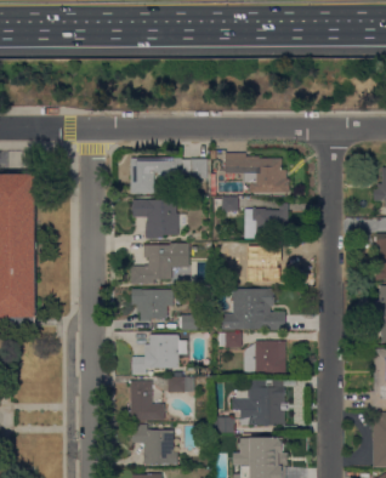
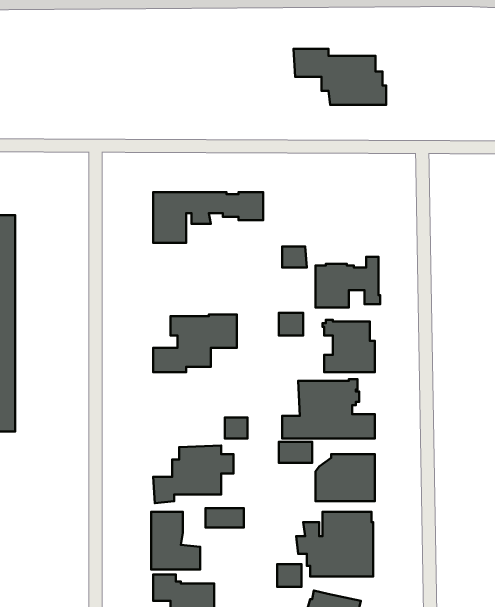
building: [225,153,289,192] -> [294,49,386,105]
building: [132,199,187,238] -> none
building: [131,289,174,320] -> none

